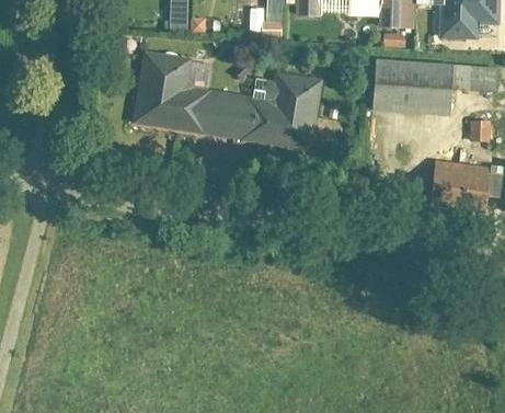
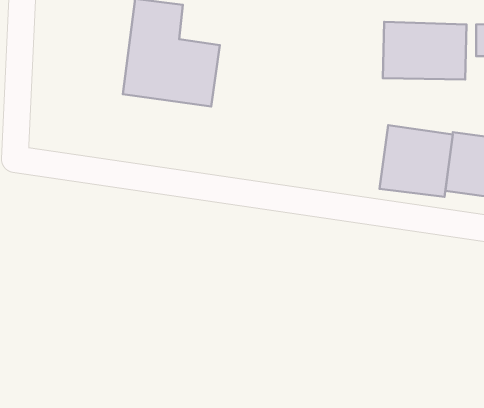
building: [218,64,314,150] -> none
building: none -> [380,125,453,197]

